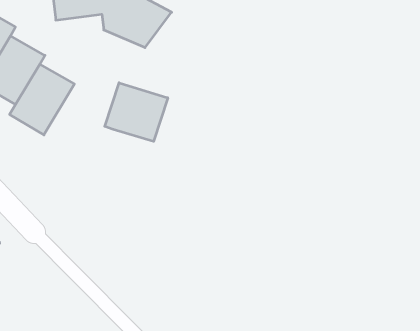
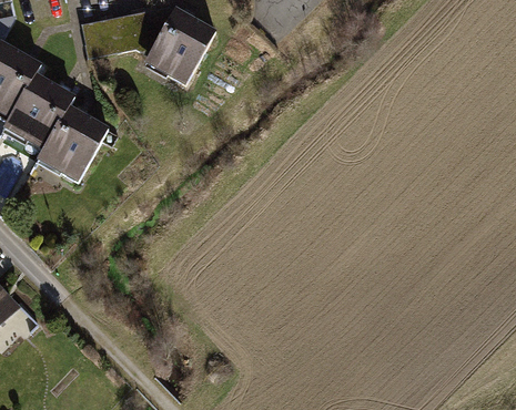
building: [105,83,168,141] -> none

